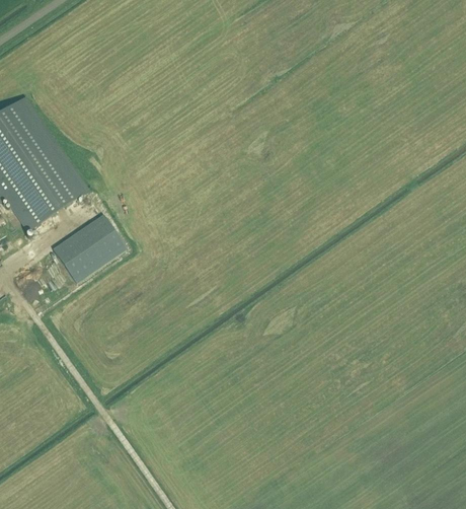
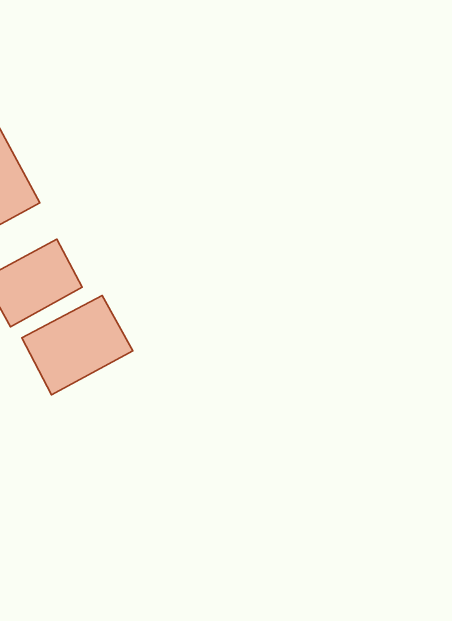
building: none -> [22,296,133,395]

